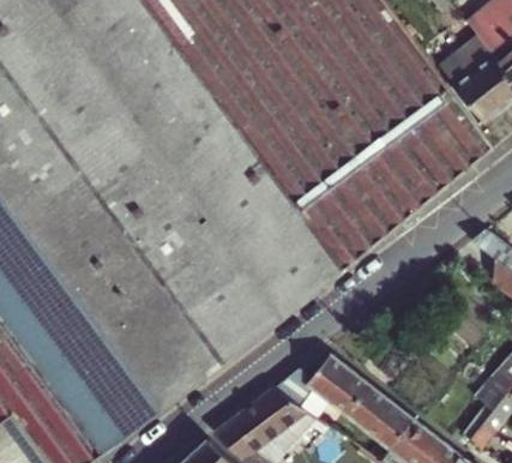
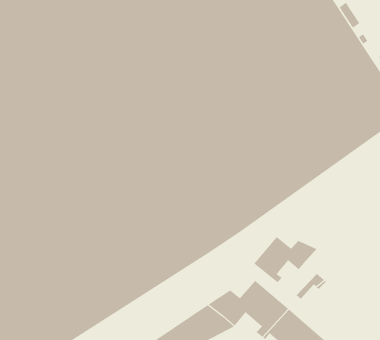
building: none -> [253,236,318,283]

